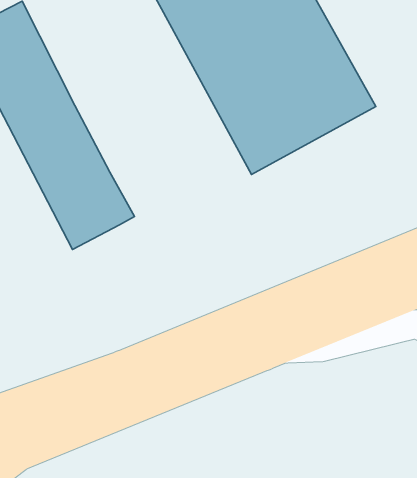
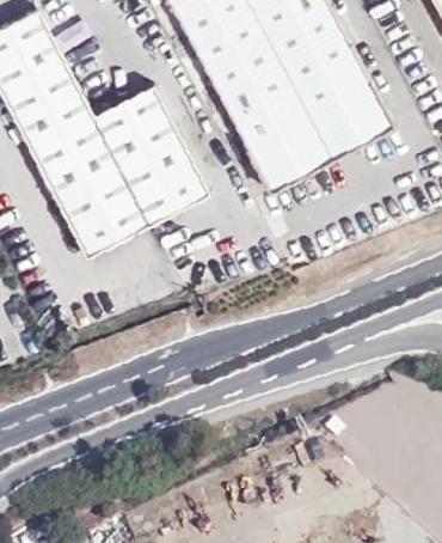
building: none -> [87,83,209,228]

